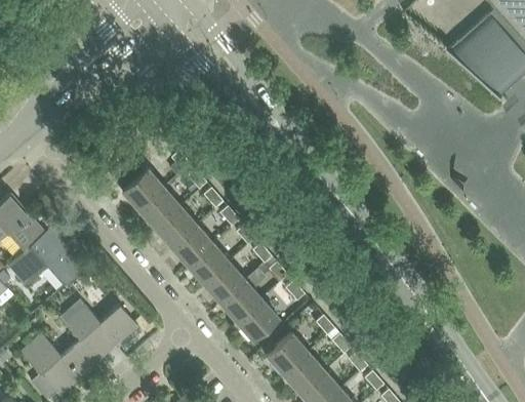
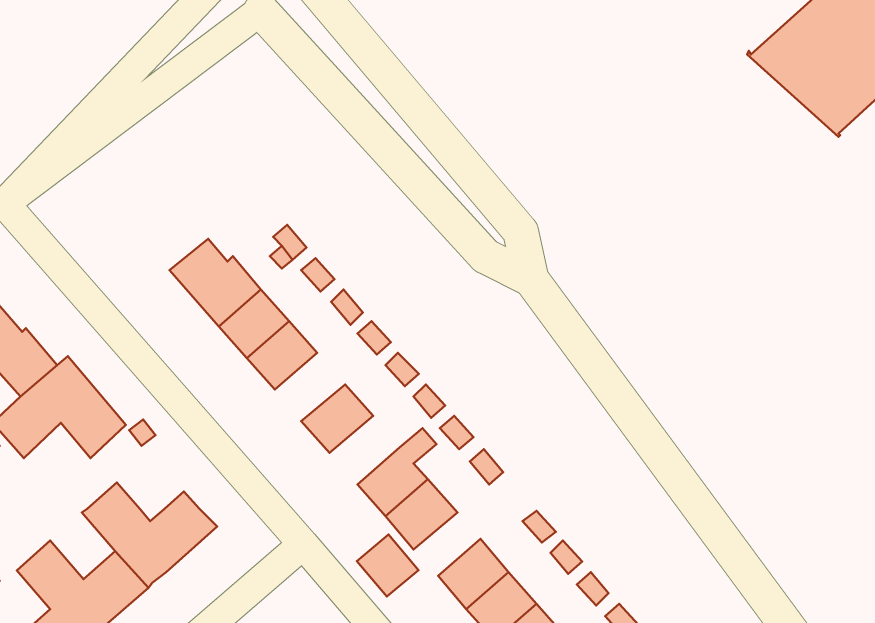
building: [171,225,212,265] -> none
building: [203,262,244,302] -> none
building: none -> [357,535,418,597]

